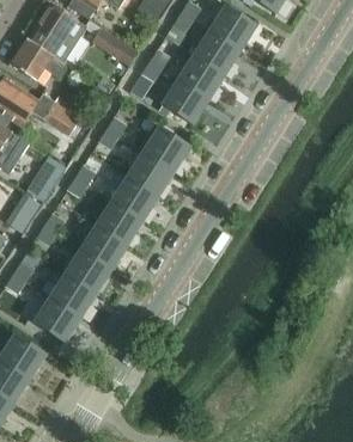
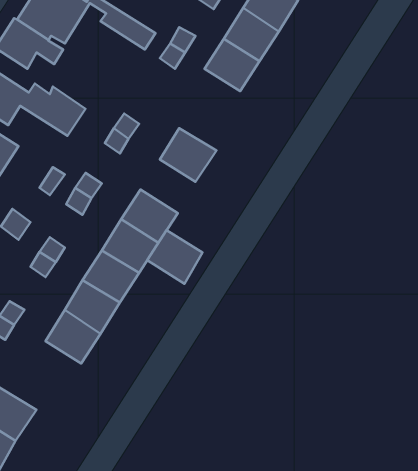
building: [163,80,207,123] -> none
building: [127,153,171,196] -> [147,230,202,284]
building: [34,299,79,342] -> none

